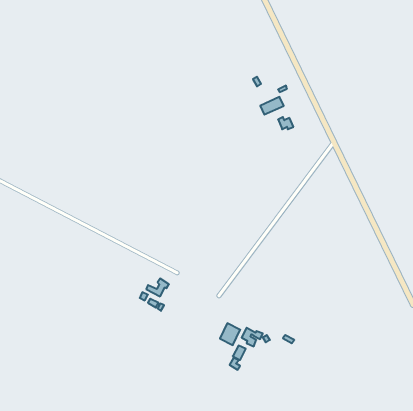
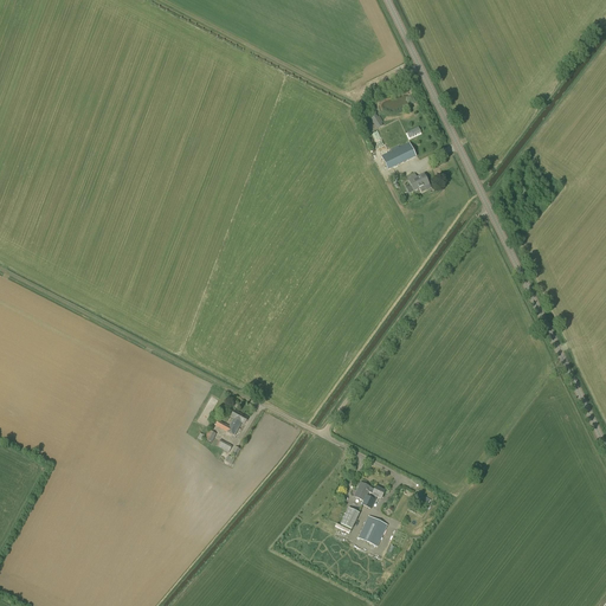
building: [220,323,240,345] -> [357,514,387,546]

